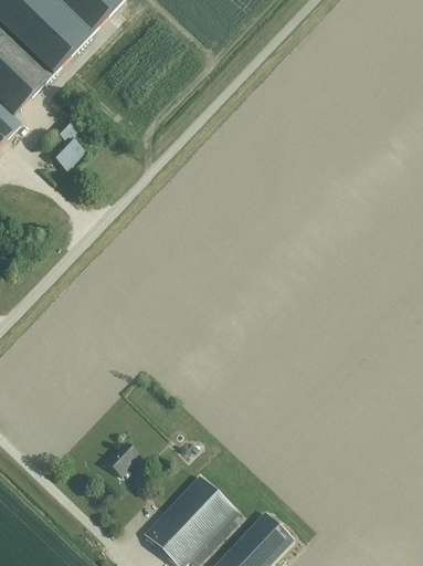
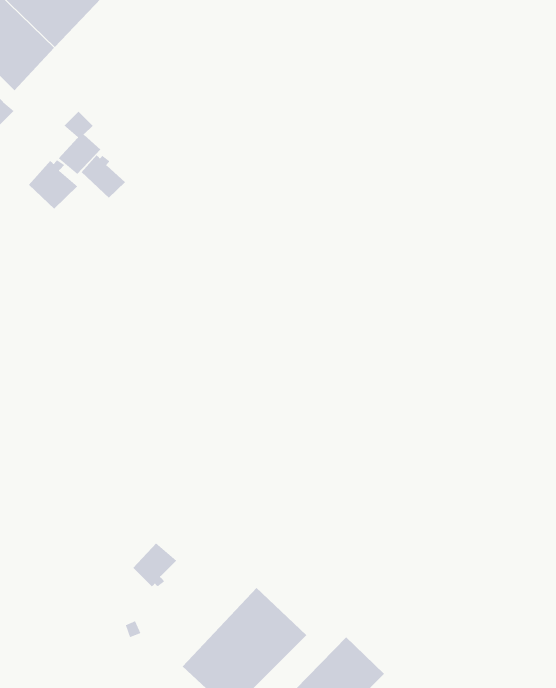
building: none -> [81,154,126,199]
building: none -> [28,159,78,210]

